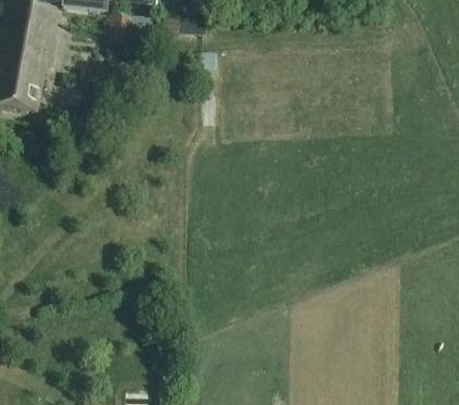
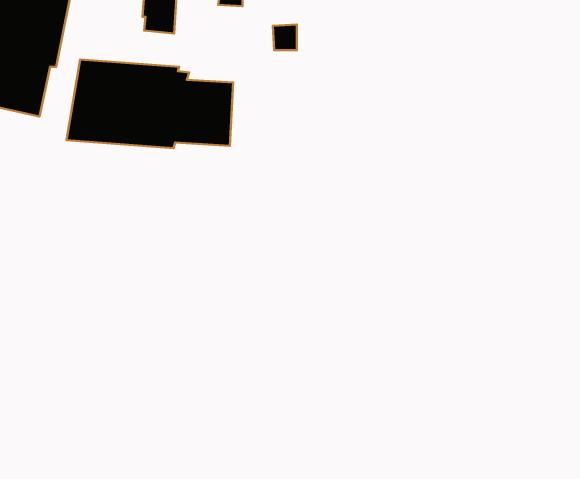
building: none -> [66,59,233,148]

